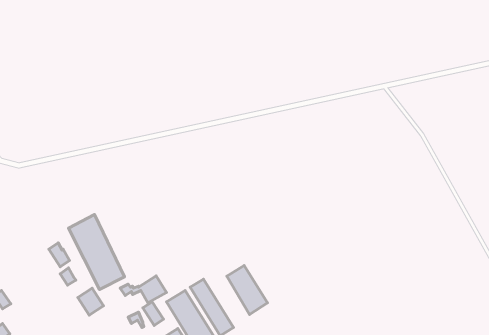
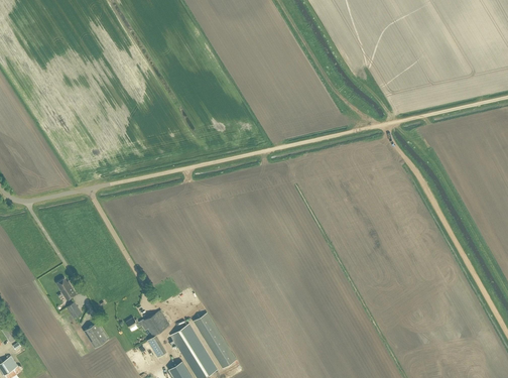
building: [69,214,125,289] -> none
building: [227,265,267,314] -> none

